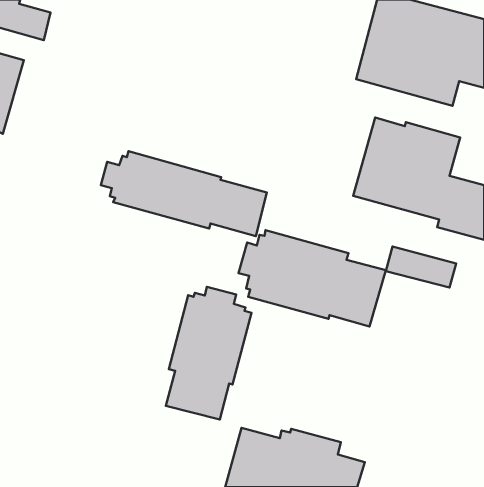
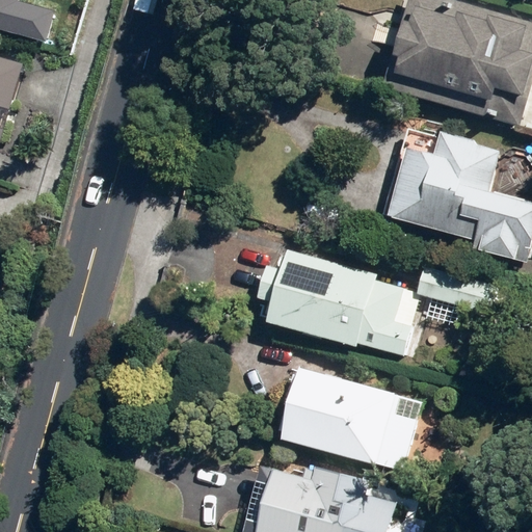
building: [101,151,267,236] -> none
building: [166,287,252,419] -> none
building: none -> [283,370,422,471]

